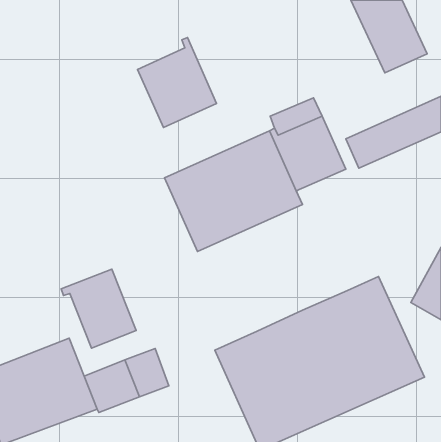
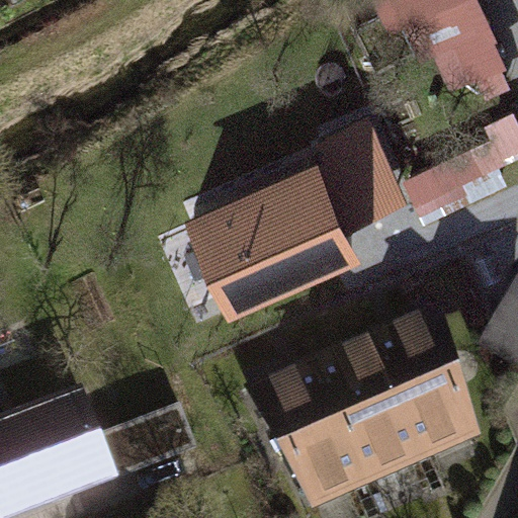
building: [138,38,217,128] -> none
building: [61,269,136,348] -> none

